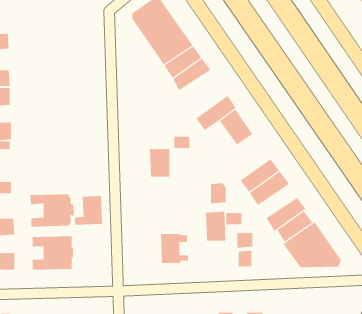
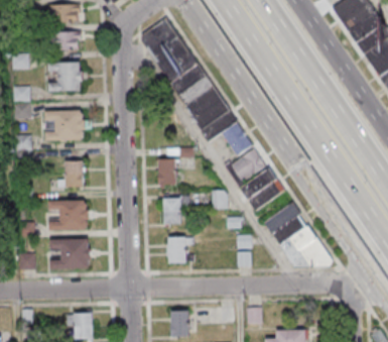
building: none -> [41,31,81,51]
building: none -> [48,62,82,91]
building: none -> [184,87,229,129]
building: none -> [45,110,86,140]
building: none -> [231,149,265,182]
building: [74,195,103,225] -> [57,160,84,188]
building: [205,211,226,241] -> [162,197,181,224]

